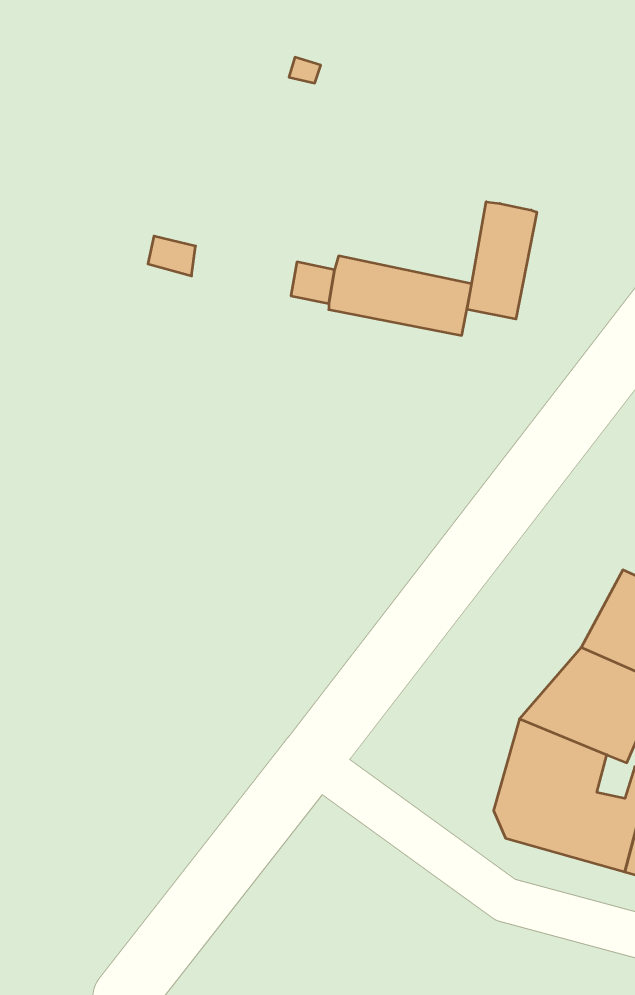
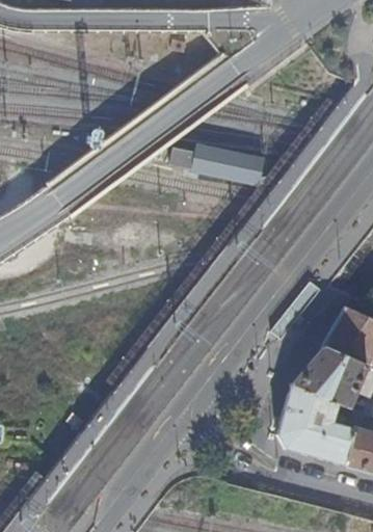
building: [467,202,537,319] -> none

